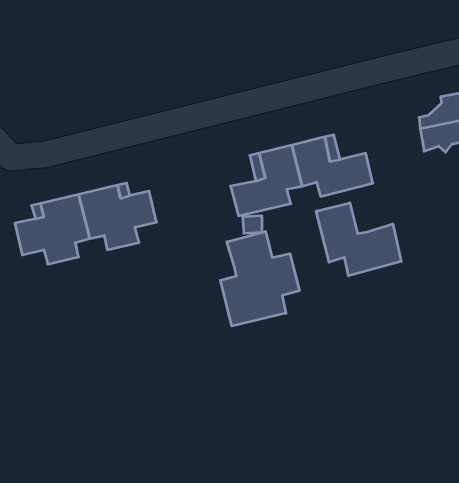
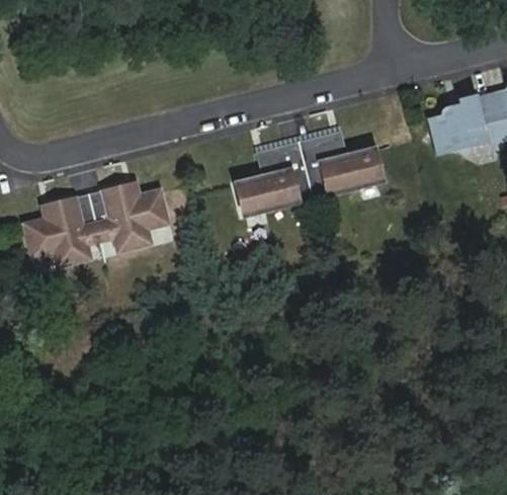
building: [316,203,401,276] -> none
building: [220,231,299,326] -> none

